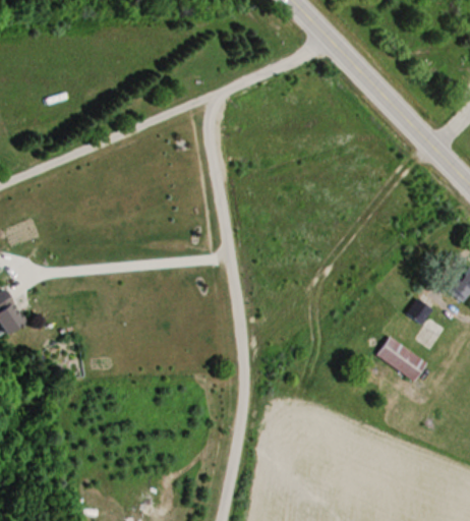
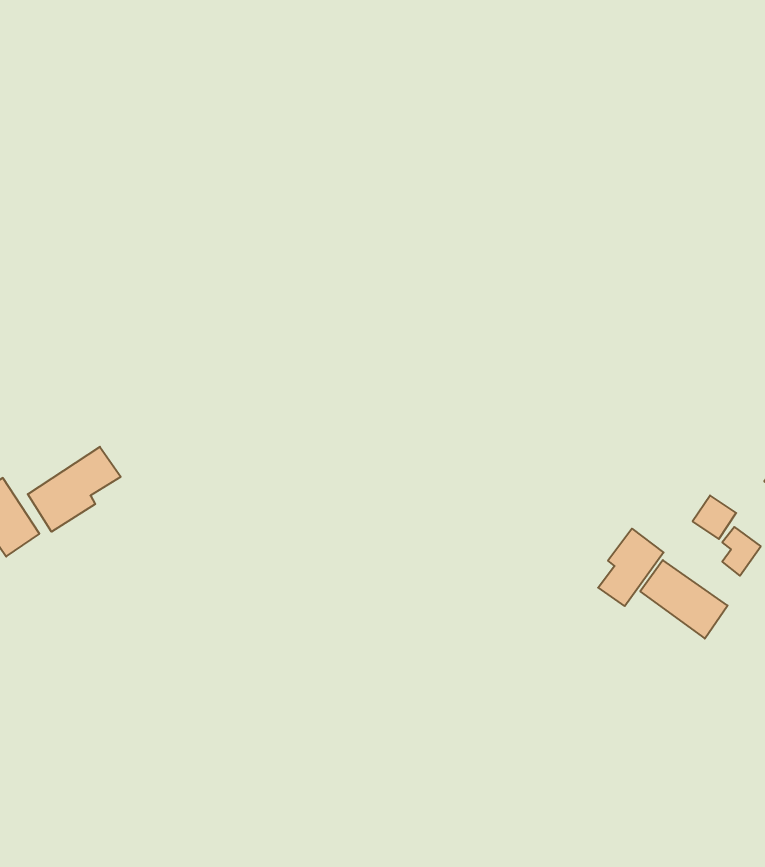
building: none -> [28,447,121,532]
building: none -> [598,529,664,606]

